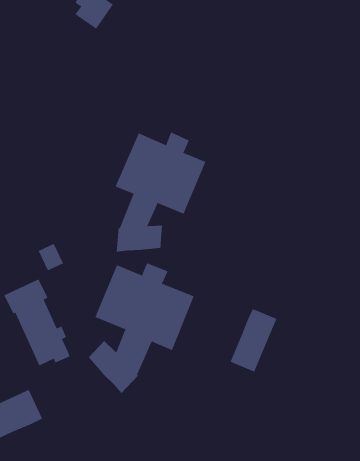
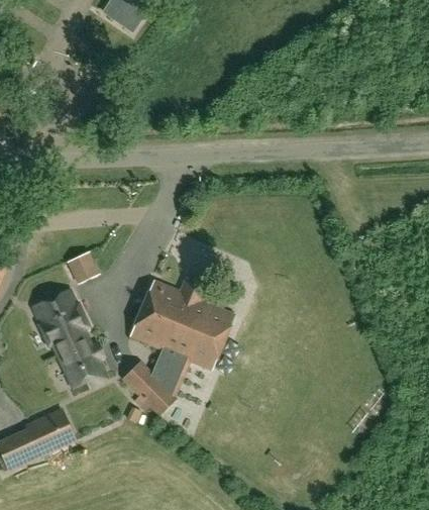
building: [115,132,206,252] -> none
building: [230,308,277,372] -> none

